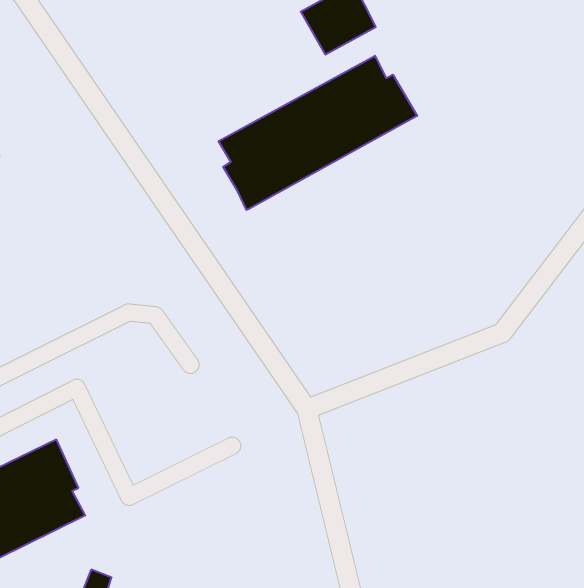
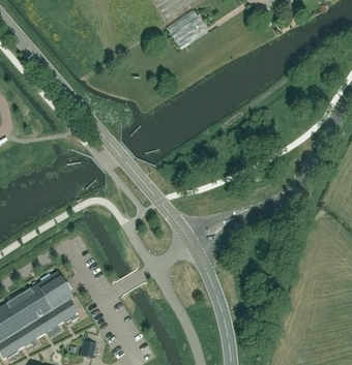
building: [219,56,417,210] -> none

